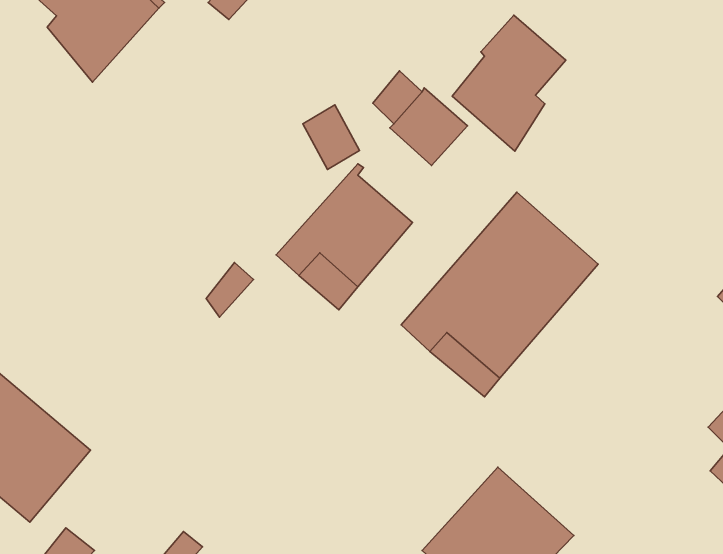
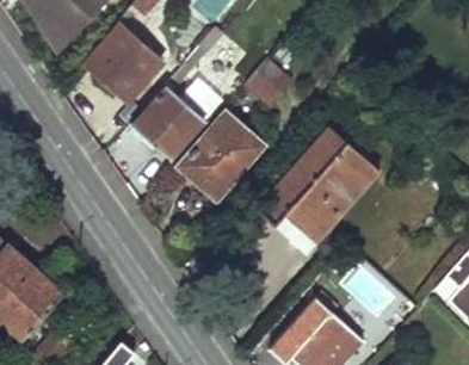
building: [452,15,566,151] -> none
building: none -> [86,14,162,101]
building: none -> [132,29,223,160]

